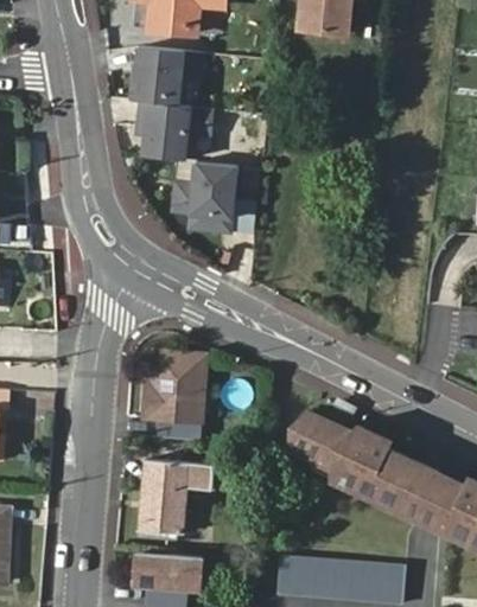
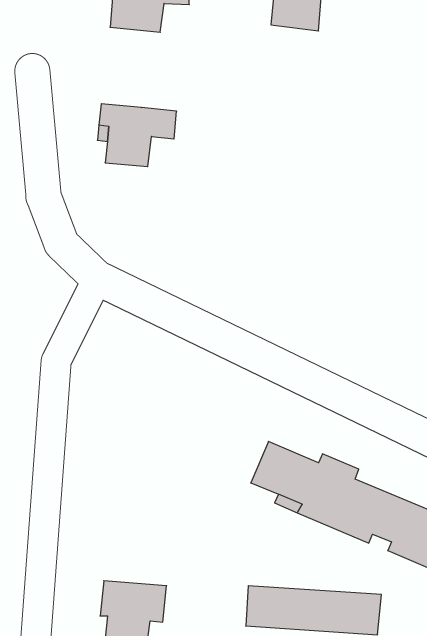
building: [135,45,203,104] -> none
building: [173,161,237,232] -> none
building: [145,351,210,439] -> none
building: [140,460,216,533] -> none

